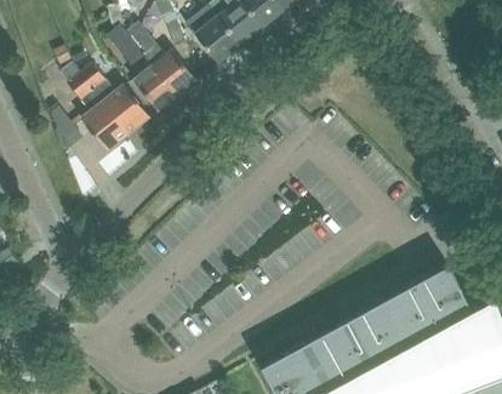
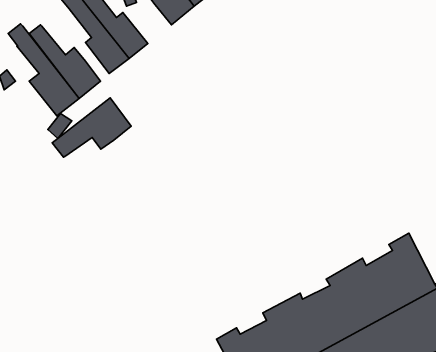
building: none -> [52,98,131,157]

